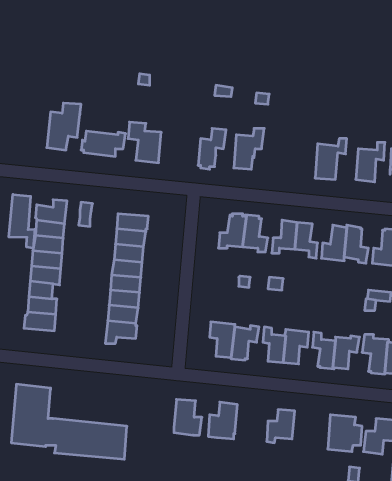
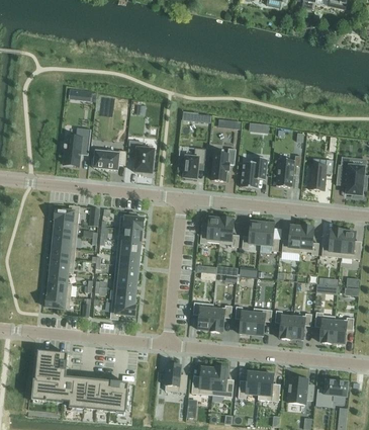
building: none -> [241,156,266,187]
building: [9,194,35,248] -> none
building: none -> [211,364,234,396]
building: none -> [258,371,279,400]

